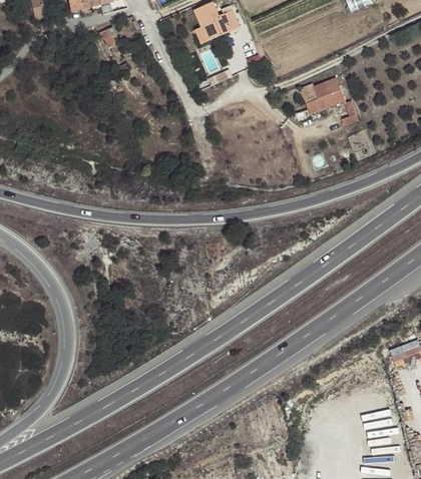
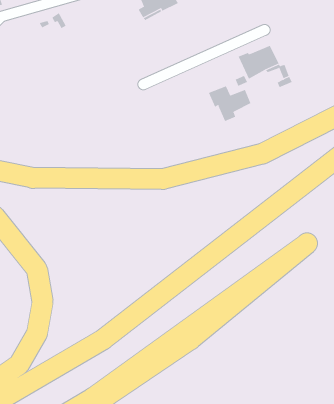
building: none -> [208,85,251,122]

